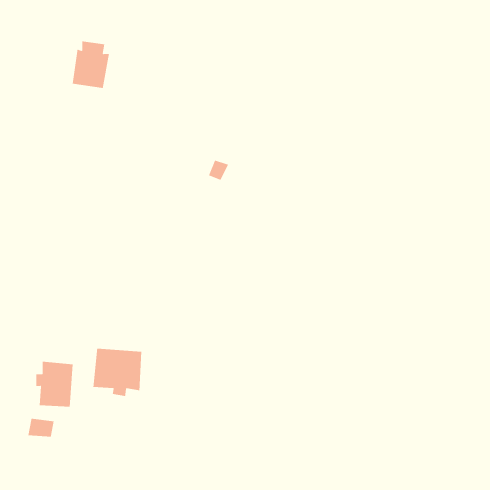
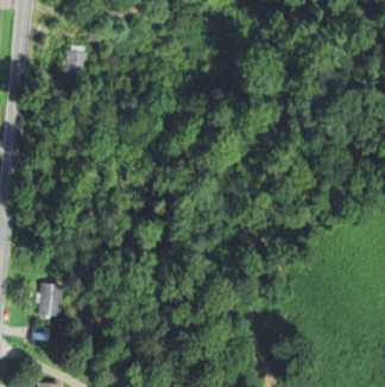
building: [93,348,142,397] -> none

